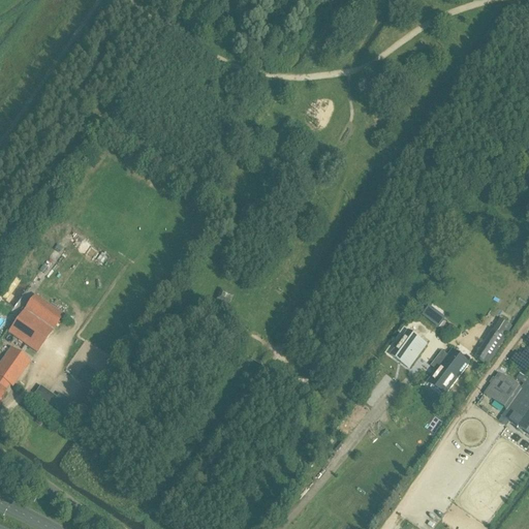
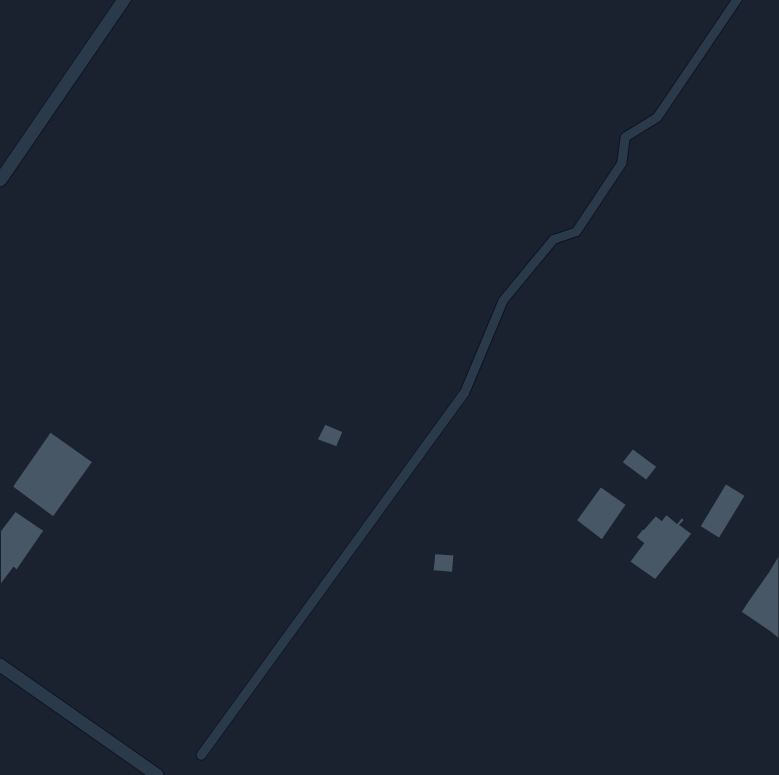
building: [485,371,521,408] -> none

